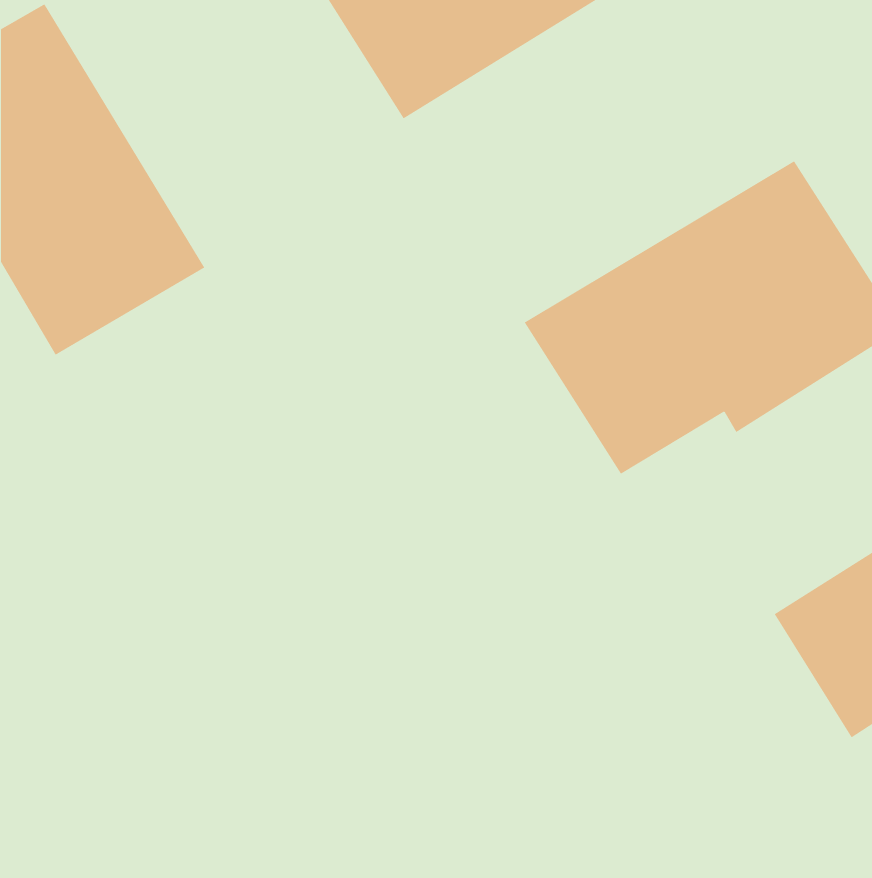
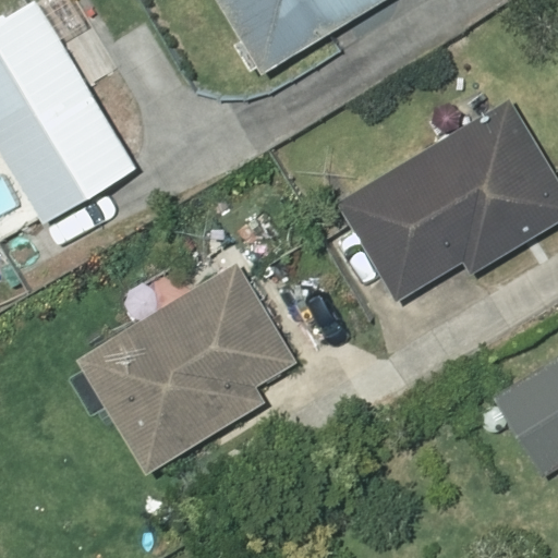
building: none -> [93,278,282,461]

